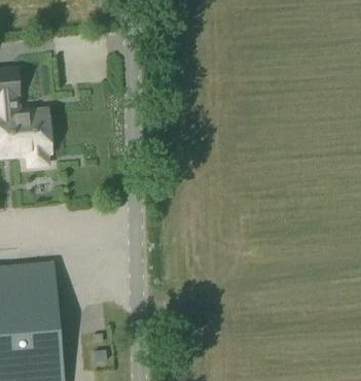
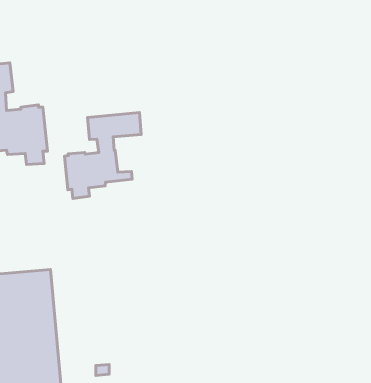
building: none -> [65,112,141,198]

